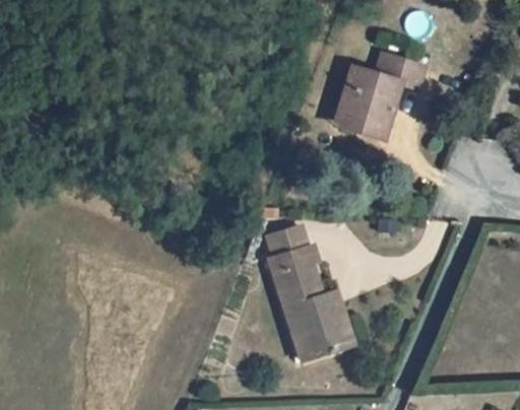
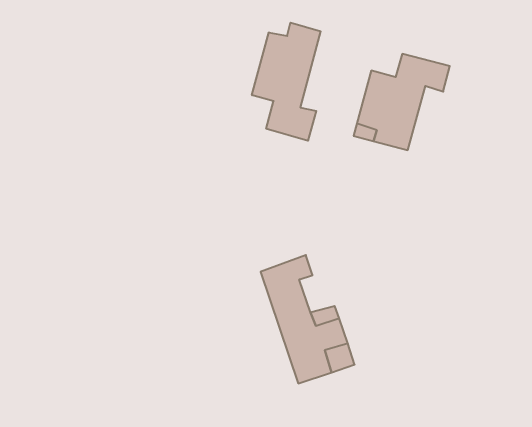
building: none -> [252,23,321,141]

